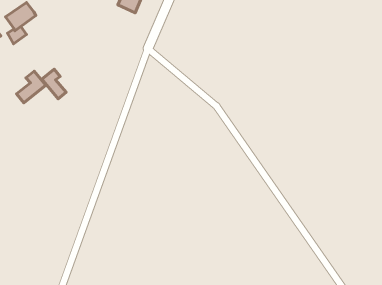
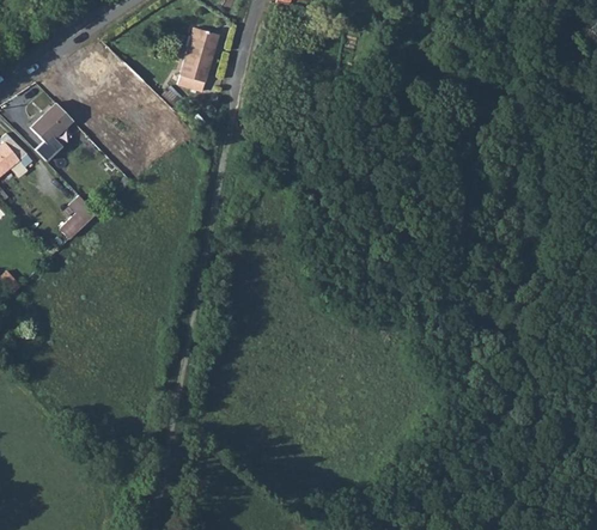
building: [42,69,66,99] -> none

